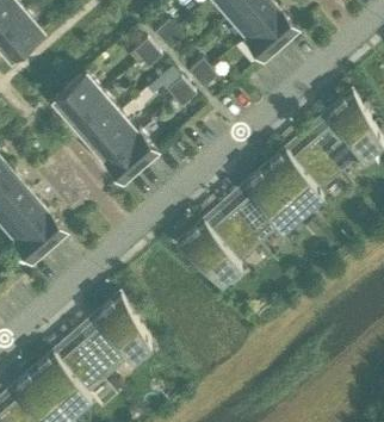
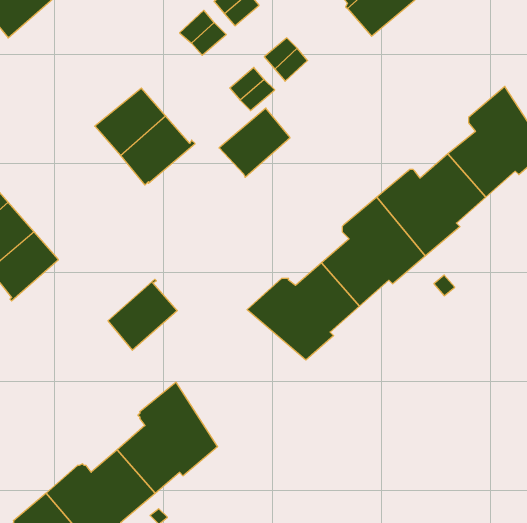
building: [52,72,101,118] -> none
building: [106,130,155,178] -> [219,108,290,177]
building: [12,210,60,259] -> [108,279,177,350]

